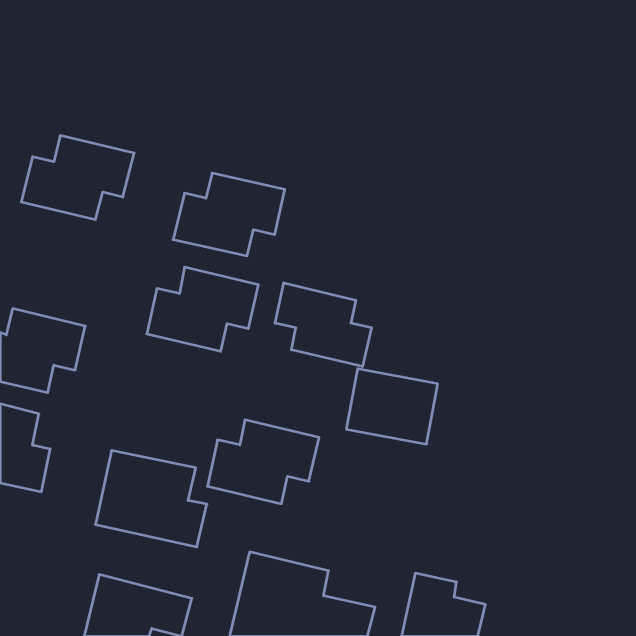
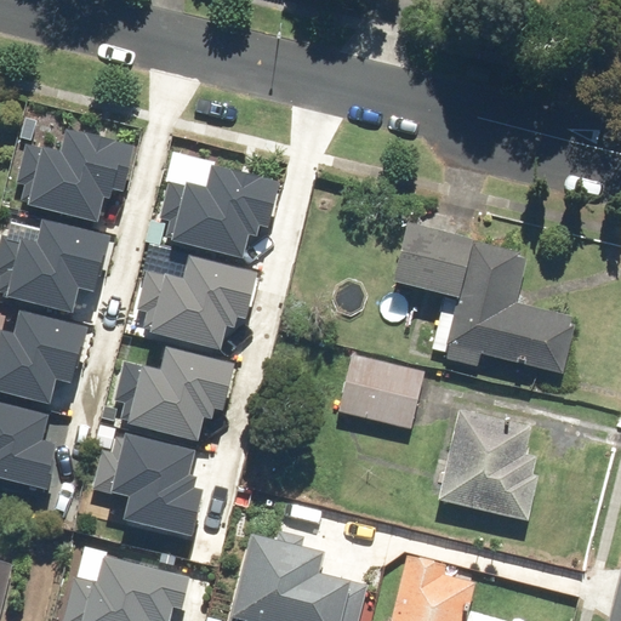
building: none -> [10,221,118,302]
building: none -> [389,227,570,375]
building: [275,283,372,367] -> none
building: [207,420,319,504] -> [124,352,232,433]
building: none -> [441,414,541,518]

